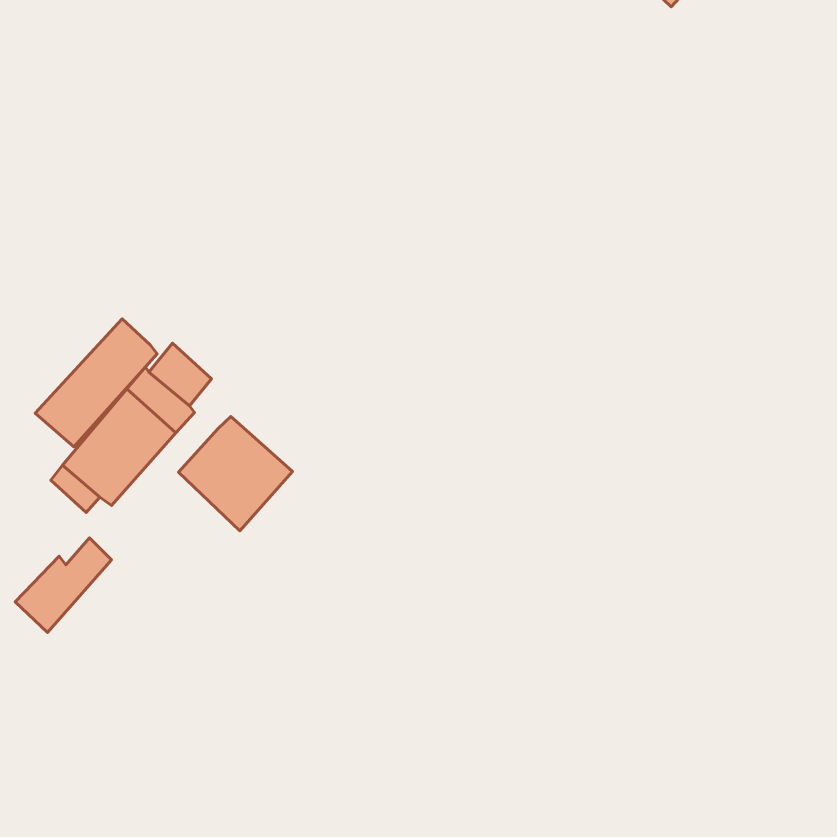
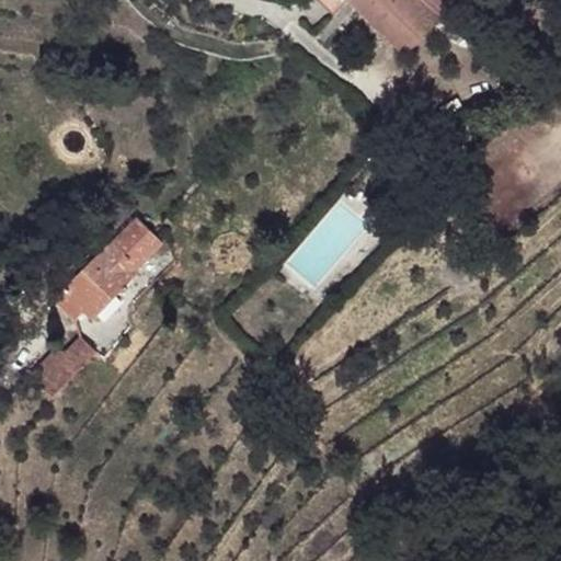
building: [35,319,157,447] -> none
building: [178,416,292,531] -> none

